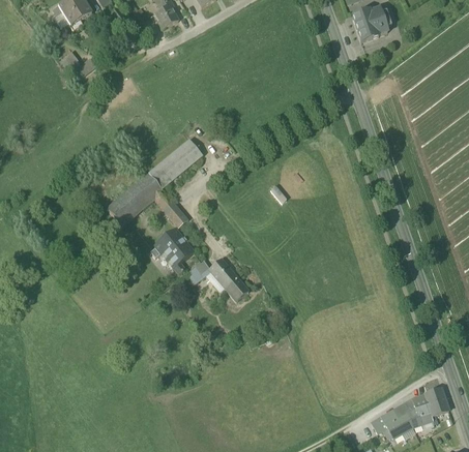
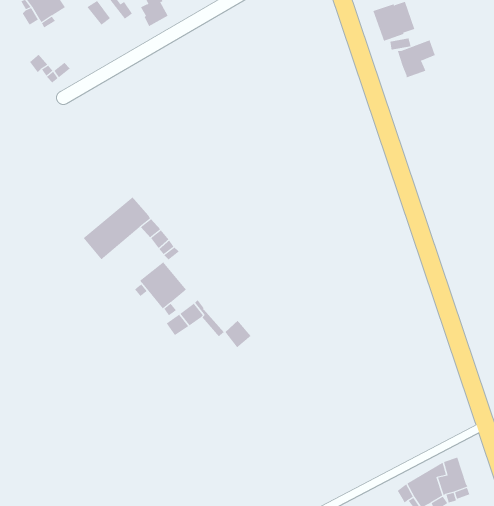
building: none -> [397,40,436,78]
building: [149,138,203,187] -> none
building: [209,257,238,287] -> none
building: [424,386,449,415] -> none

